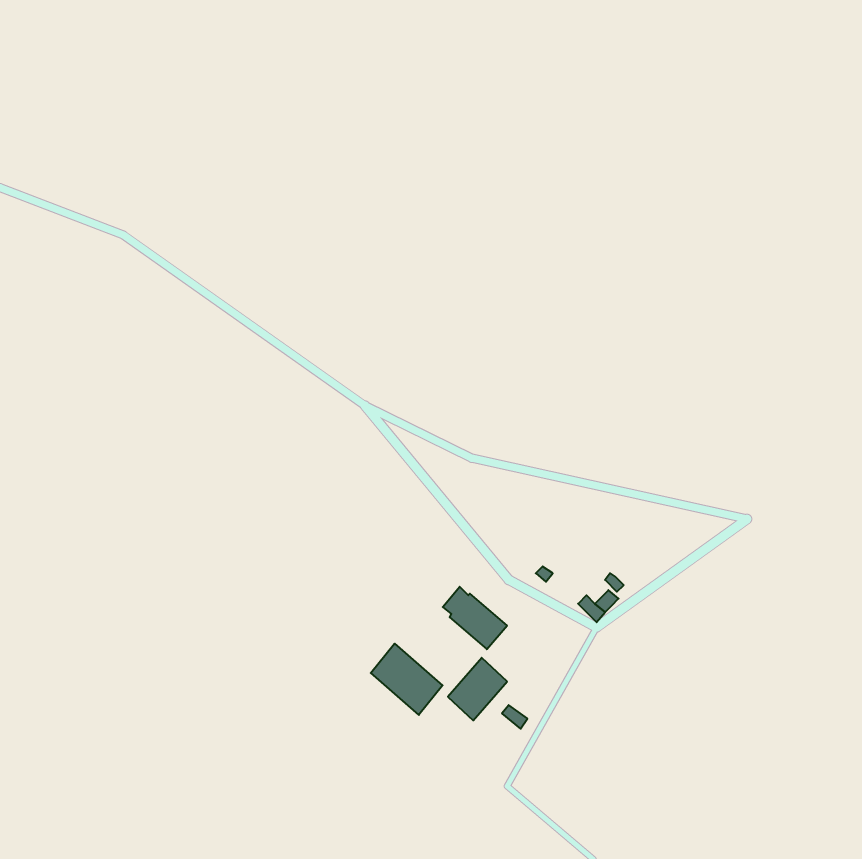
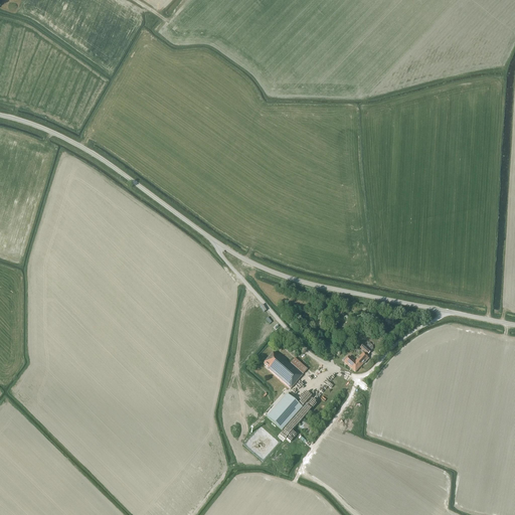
building: [371,644,443,715] -> none

